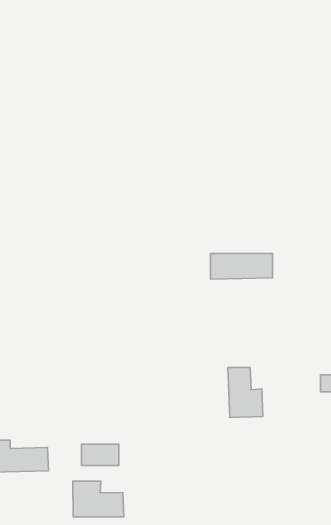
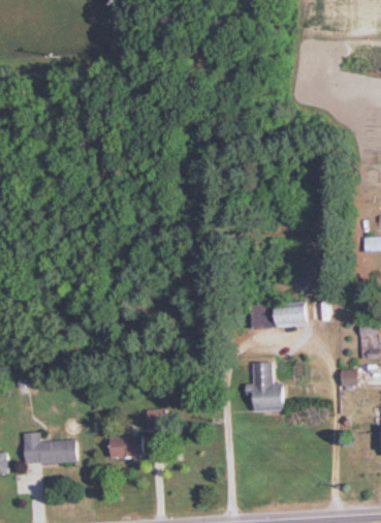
building: [211,253,272,279] -> [252,303,312,328]
building: [73,481,124,517] -> none

